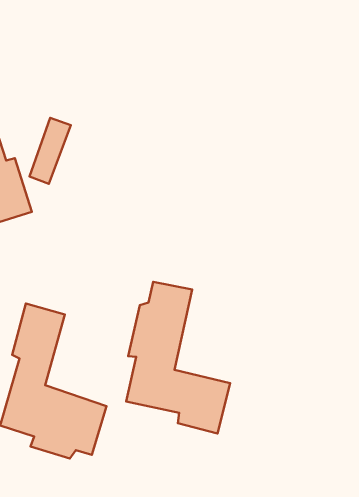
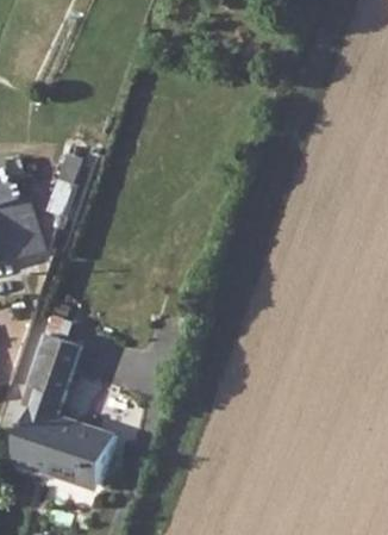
building: [126,282,230,434] -> none

